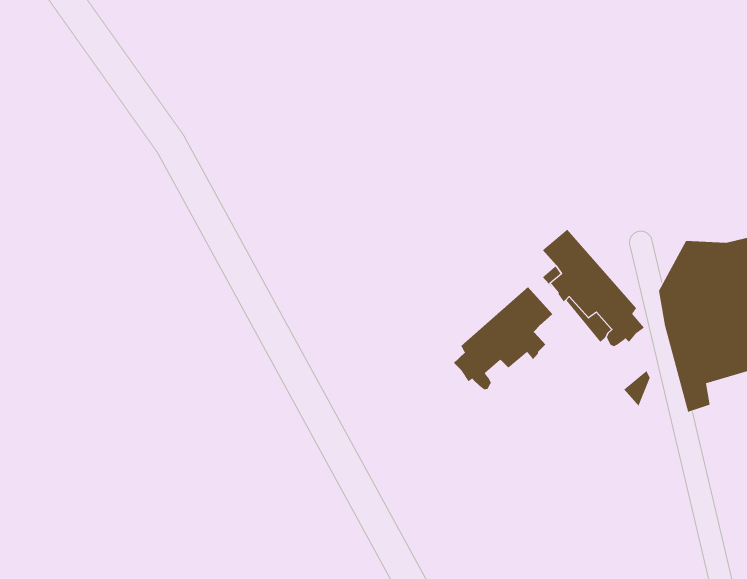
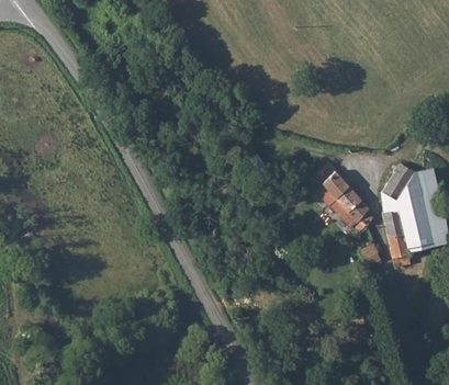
building: [453,286,553,390] -> none

